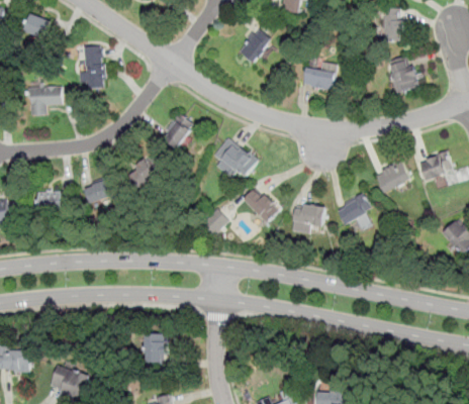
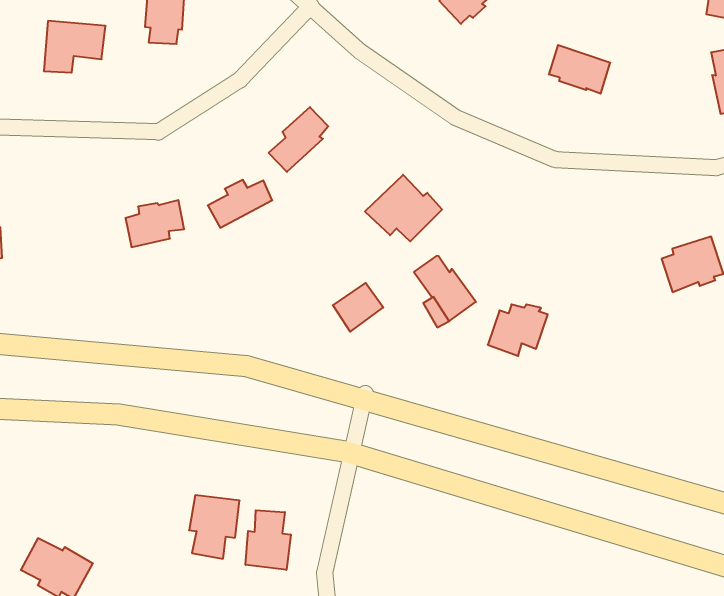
building: [38,189,64,217] -> none
building: [340,193,371,223] -> none
building: none -> [246,510,291,570]

